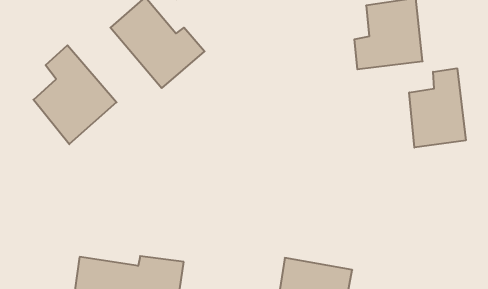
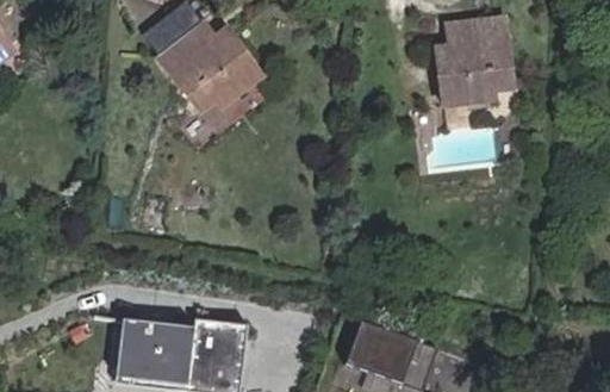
building: [33,45,117,144] -> none
building: [409,68,466,148] -> none

